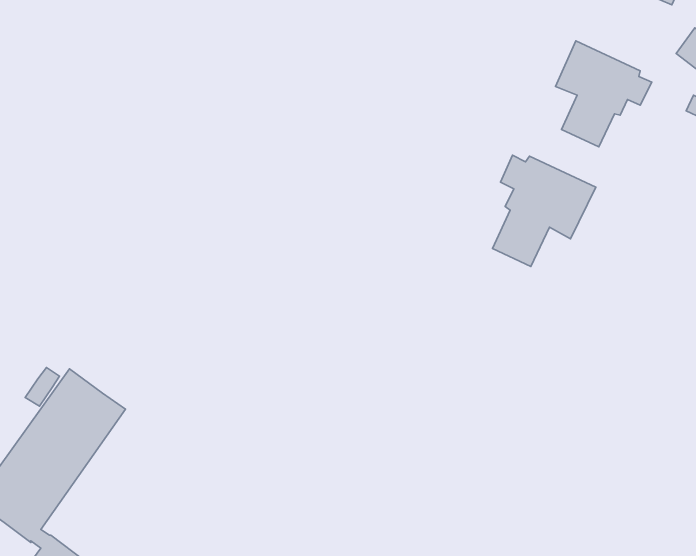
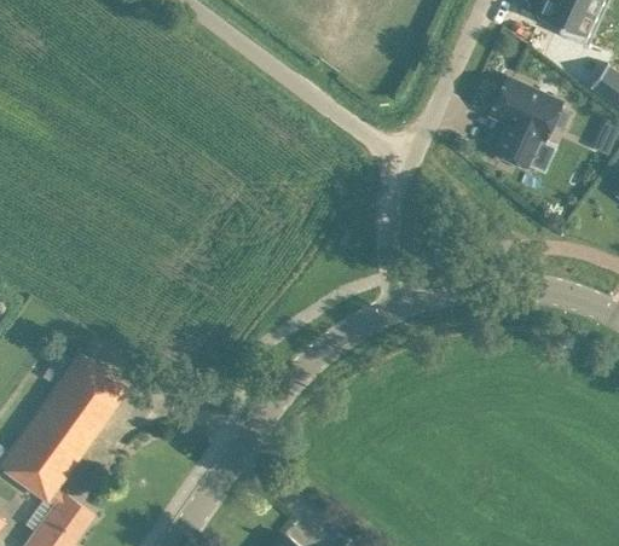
building: [493,155,596,267] -> none

